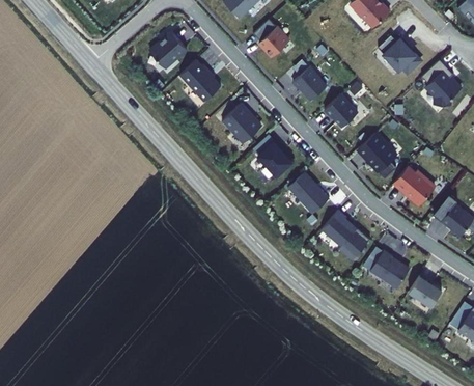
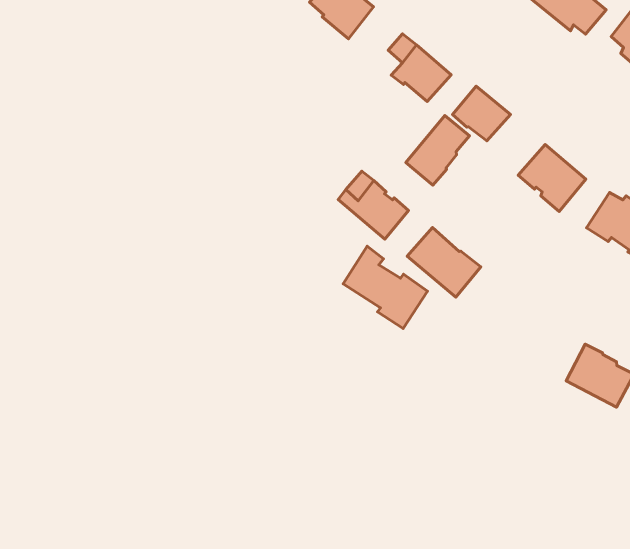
building: [148,33,186,71] -> none
building: [179,60,220,102] -> none
building: [222,104,261,143] -> none
building: none -> [406,116,470,185]
building: [323,210,370,259] -> [343,246,427,329]

